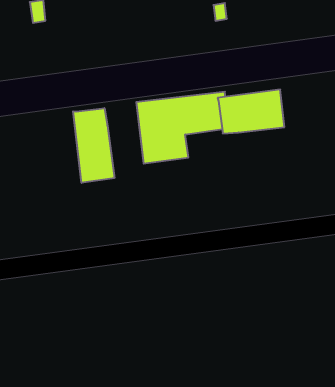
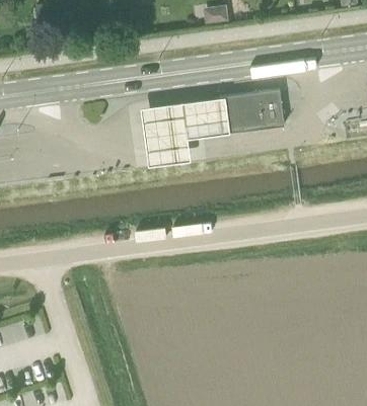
building: [73,108,114,183] -> none

